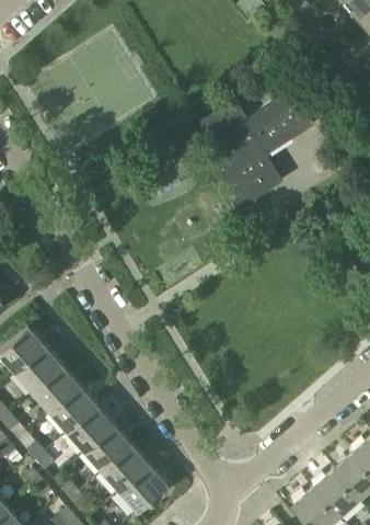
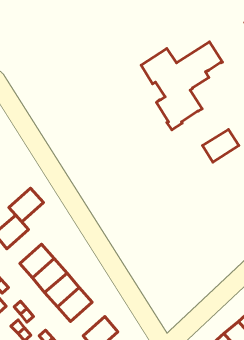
building: none -> [203,129,239,162]
building: [16,347,63,393] -> [9,188,44,222]
building: [103,446,150,492] -> none

